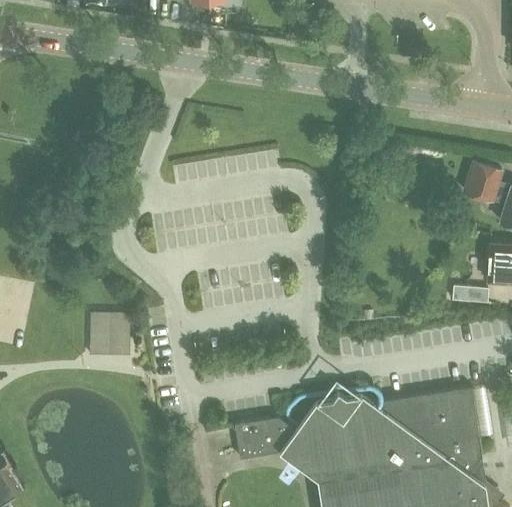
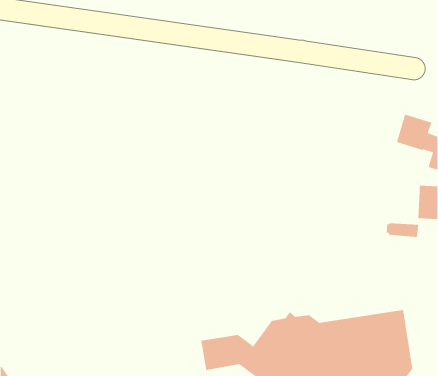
building: [99,314,139,357] -> none

